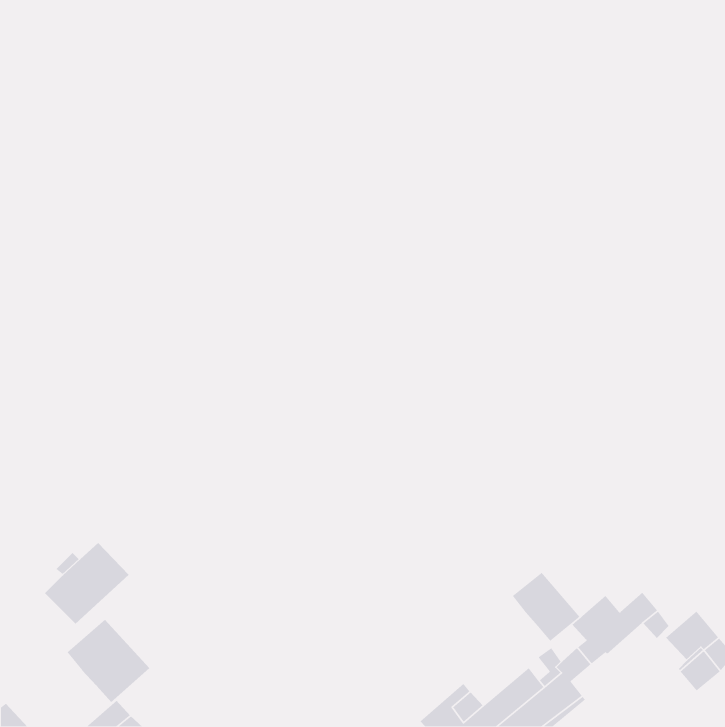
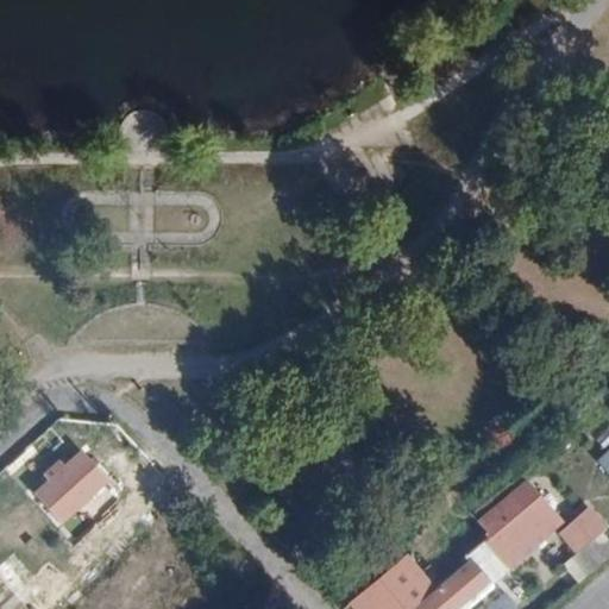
building: [512,572,580,642] -> none
building: [66,619,150,703] -> none

